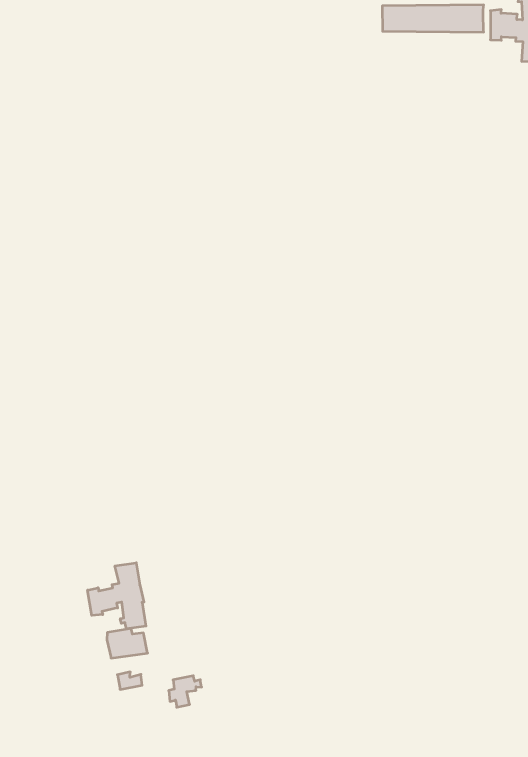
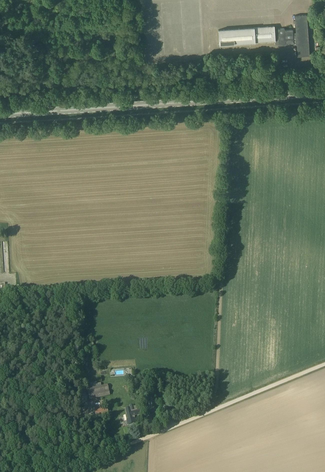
building: [88,563,146,629] -> none

